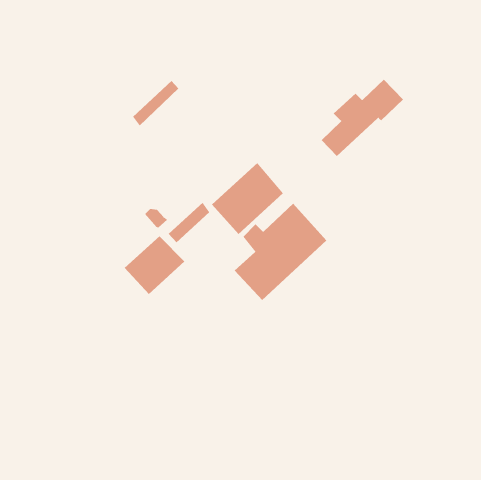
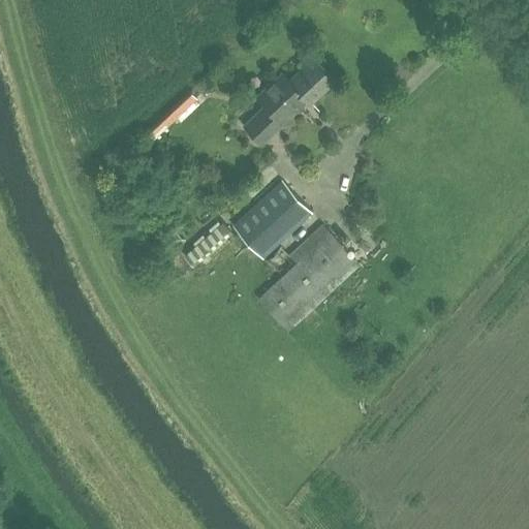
building: [321,79,404,157] -> [243,59,334,145]
building: [124,235,185,295] -> none

